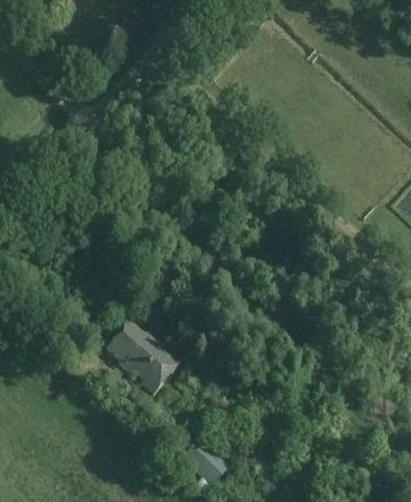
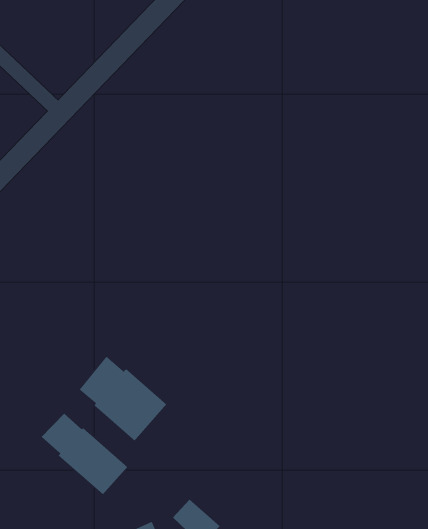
building: none -> [41,413,128,495]

